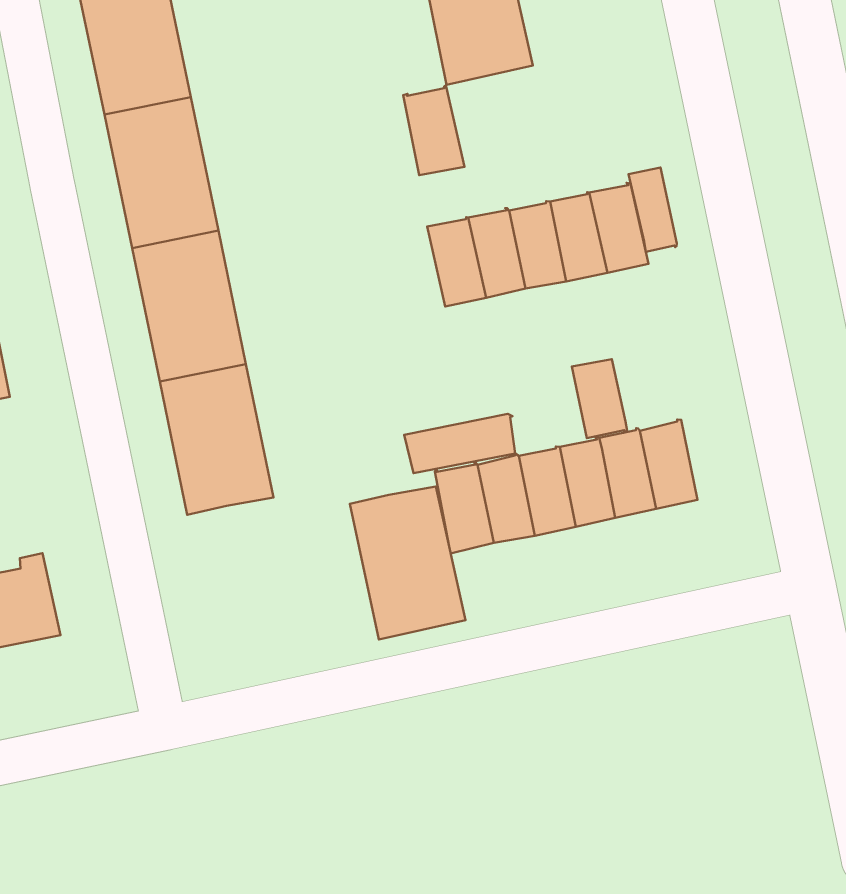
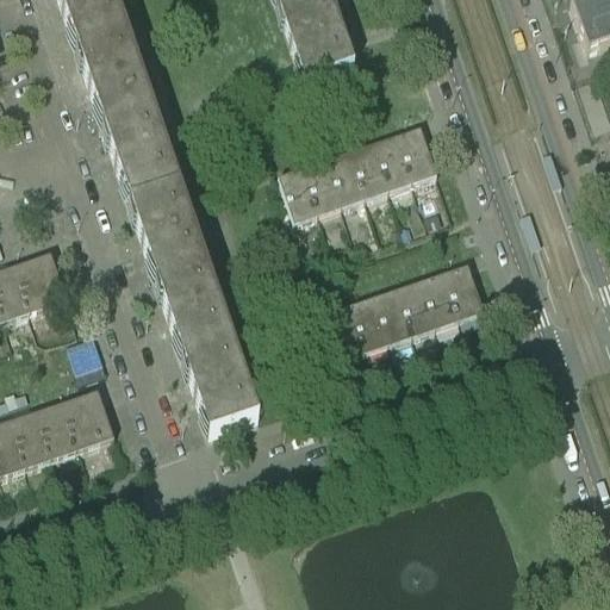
building: [403,85,464,175] -> [281,164,323,220]
building: [628,168,677,252] -> none
building: [572,359,627,438] -> none
building: [404,414,515,473] -> none
building: [350,486,465,640] -> [185,338,262,434]

